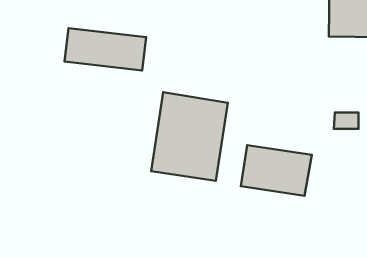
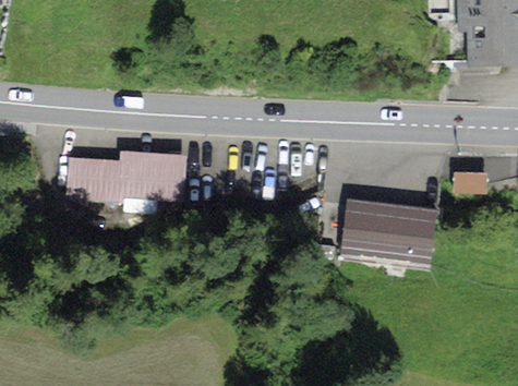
building: [65,28,146,71] -> [81,153,190,209]
building: [151,92,228,181] -> none

